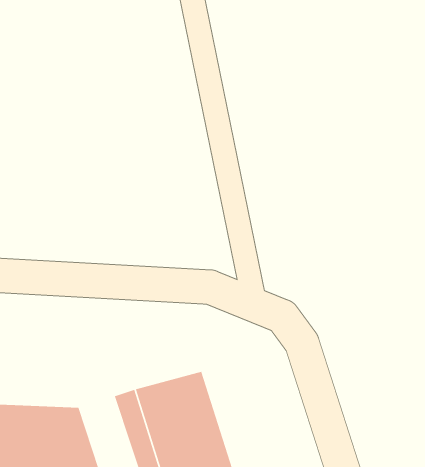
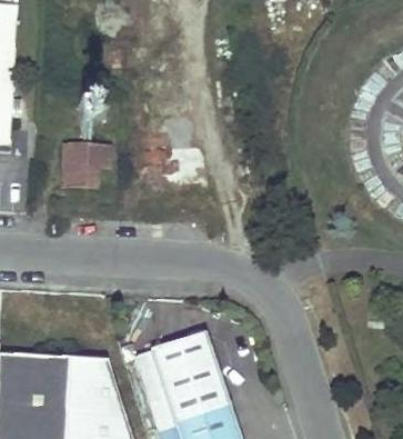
building: none -> [63,142,110,188]

